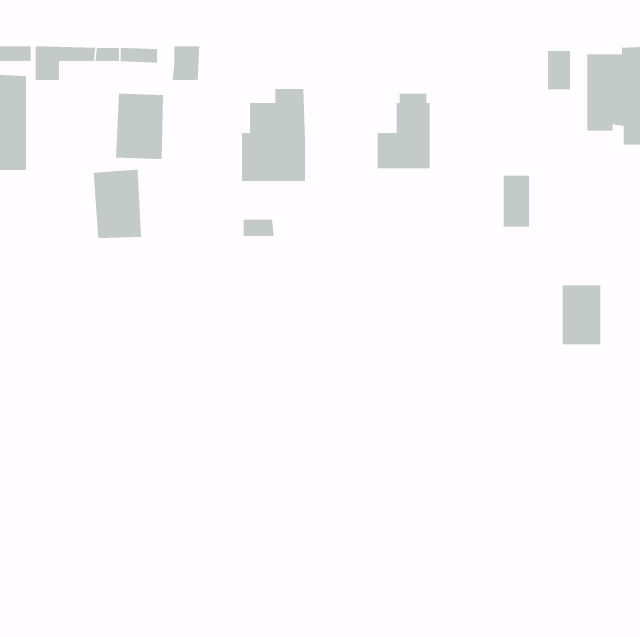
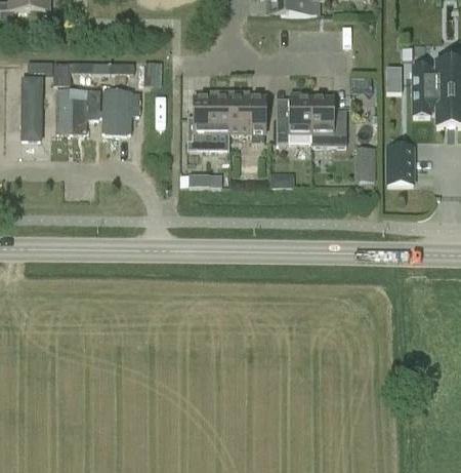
building: none -> [228,87,264,141]
building: none -> [310,96,345,144]
building: [93,169,142,239] -> [58,89,90,134]
building: [562,285,601,345] -> [386,144,412,183]

